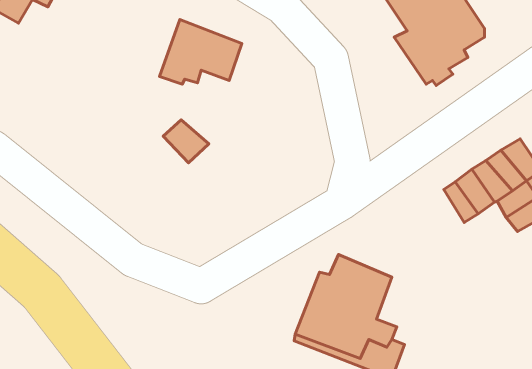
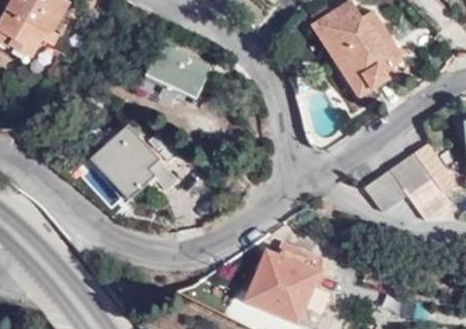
building: none -> [86,126,172,198]

